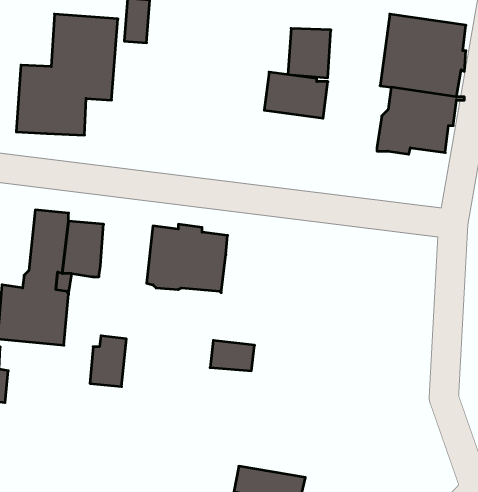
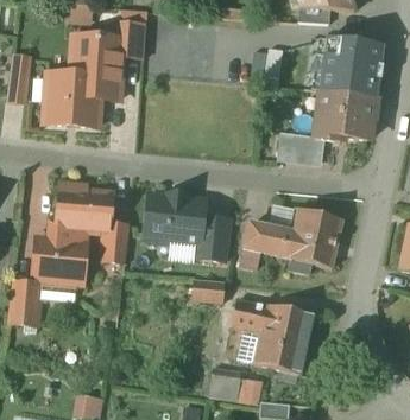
building: [264,72,328,118] -> [277,131,324,165]
building: none -> [244,209,342,273]
building: none -> [196,215,229,260]
building: [90,336,126,387] -> [101,223,128,261]
building: none -> [231,298,314,374]

